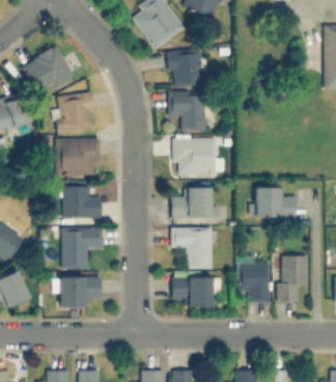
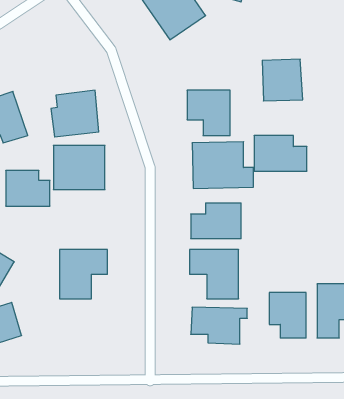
building: [23,47,74,96] -> none
building: [169,51,203,86] -> [262,59,303,101]
building: [63,188,101,218] -> [6,171,50,206]
building: [251,188,296,218] -> [254,136,307,171]
building: [56,277,100,307] -> none

